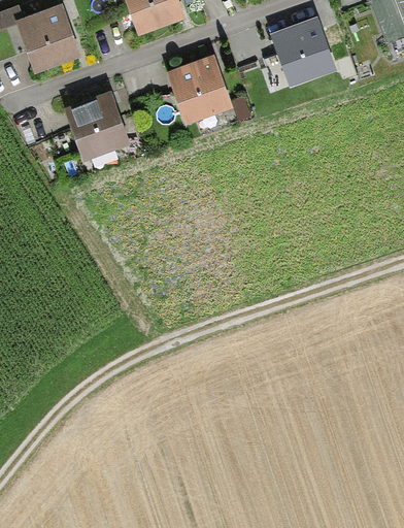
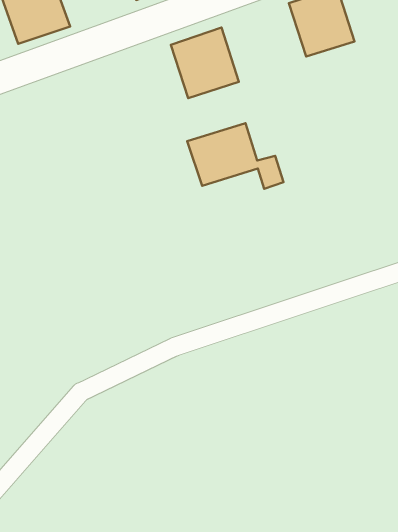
building: [68,94,127,156] -> none
building: none -> [187,123,283,189]

